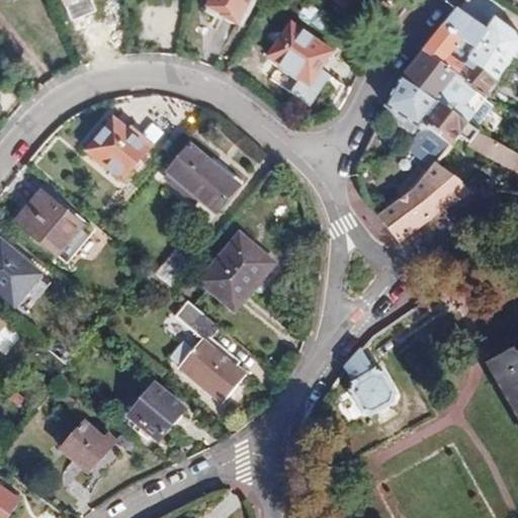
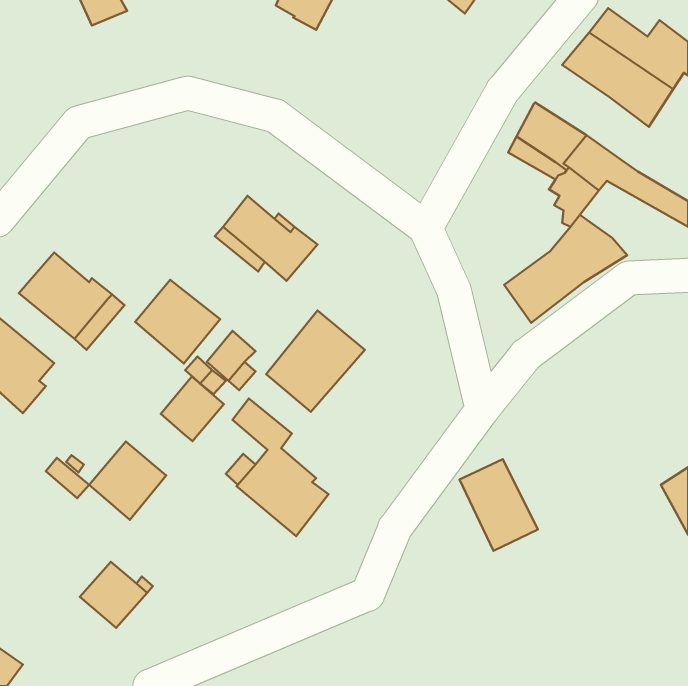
building: [266,20,331,104] -> none
building: [401,49,495,128] -> none
building: [85,116,149,179] -> [135,280,220,364]
building: none -> [161,377,224,441]
building: [126,381,184,440] -> [89,442,166,520]

